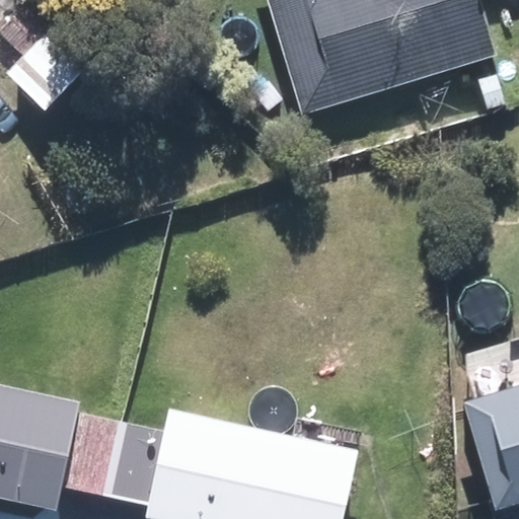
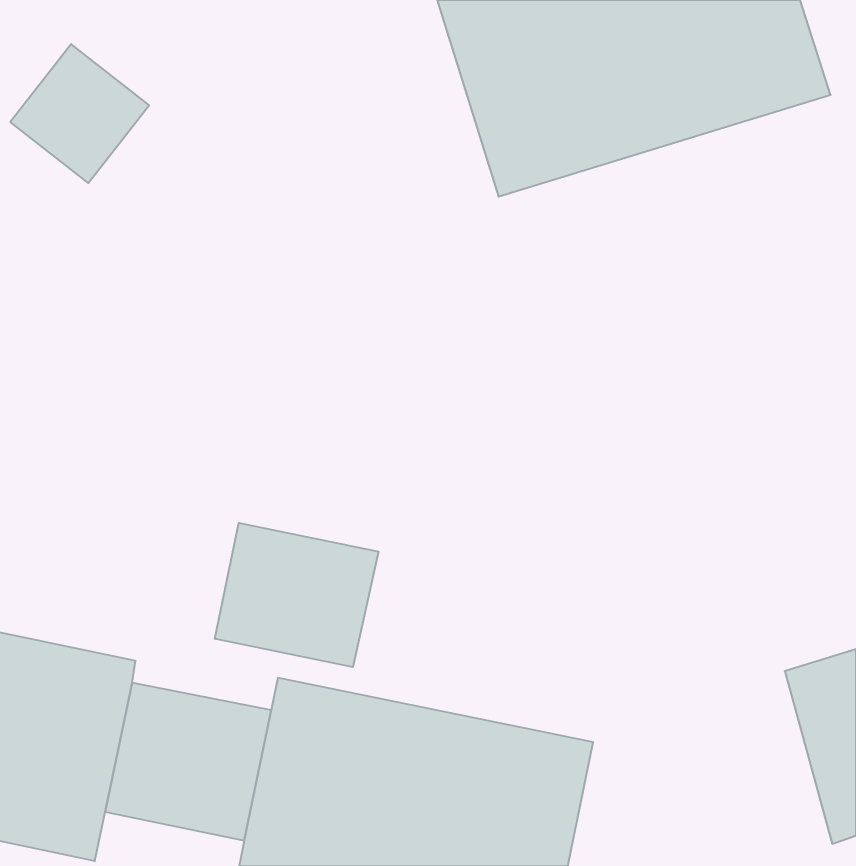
building: none -> [215,523,379,667]

